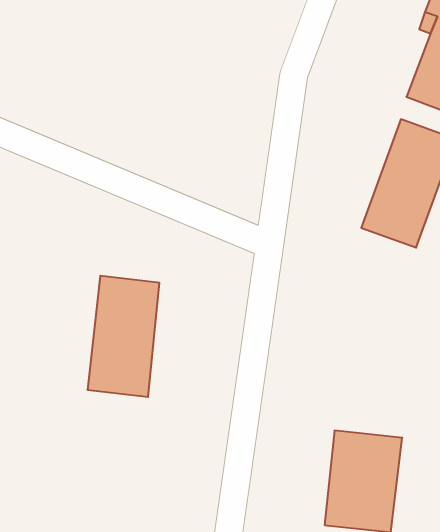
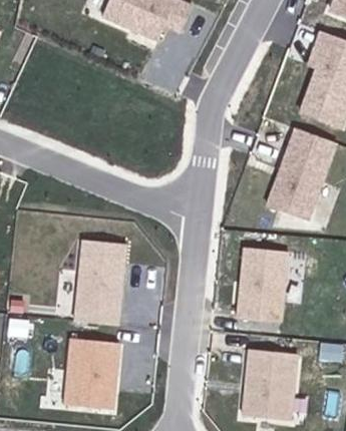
building: none -> [239,248,287,321]
building: none -> [64,338,117,410]

